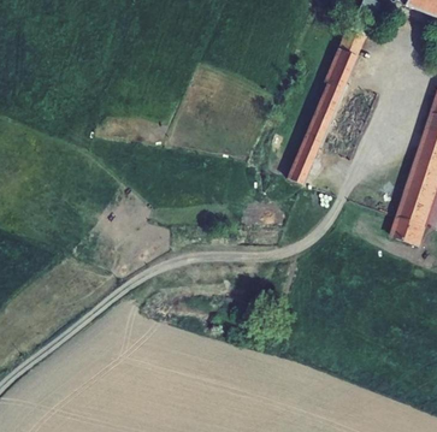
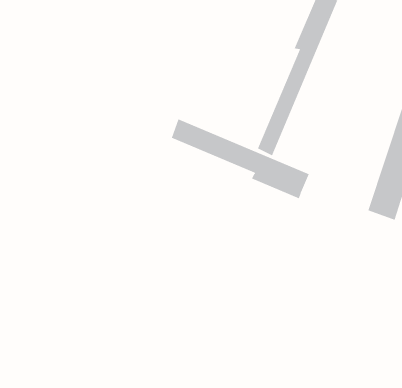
building: none -> [171,119,309,199]

